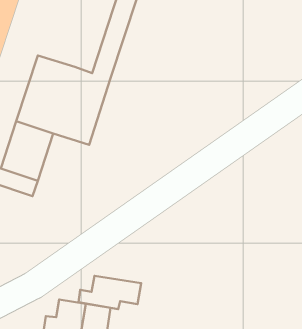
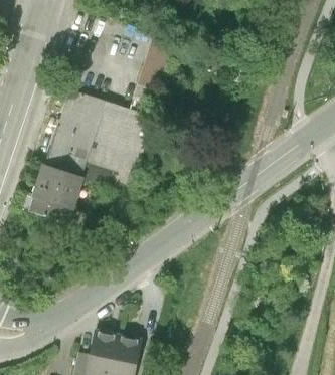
building: [79,276,141,309] -> none

